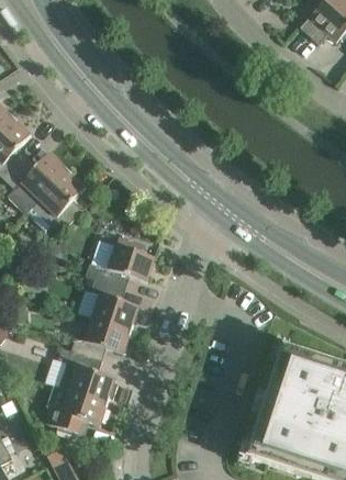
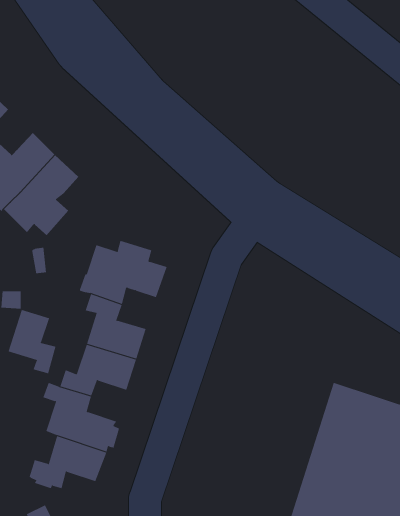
building: none -> [8,309,56,374]

